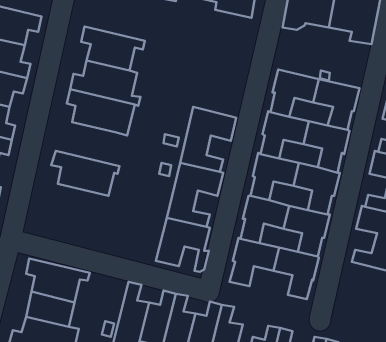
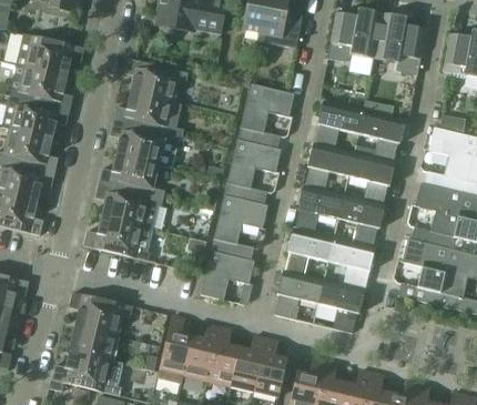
building: none -> [237,83,294,149]
building: none -> [99,154,165,199]
building: none -> [83,216,152,261]

